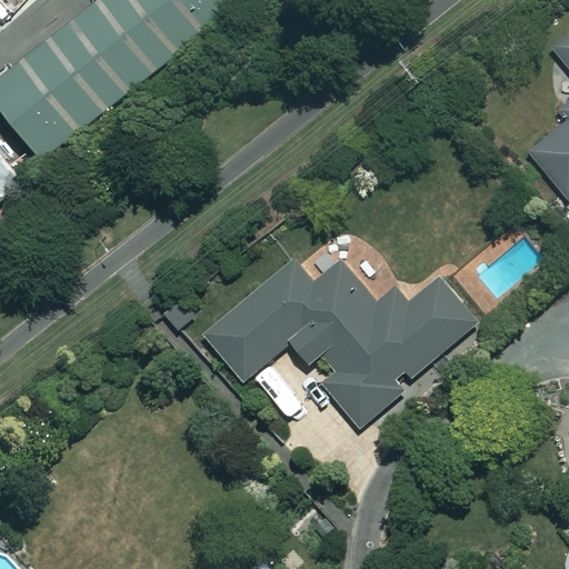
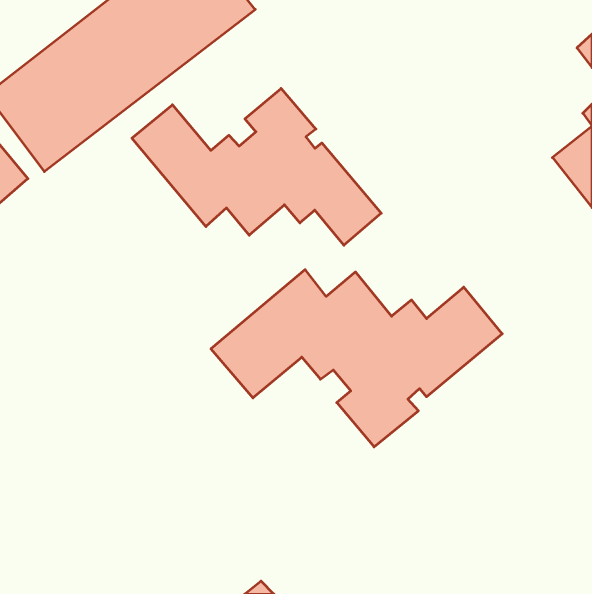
building: none -> [132,88,381,245]

